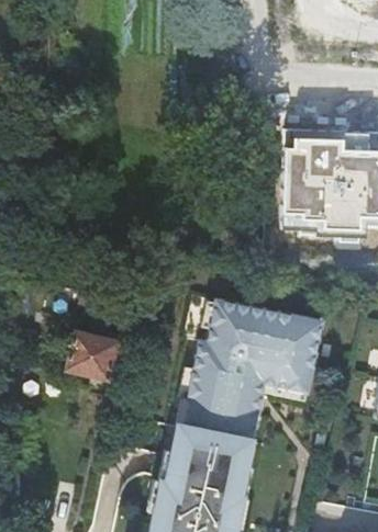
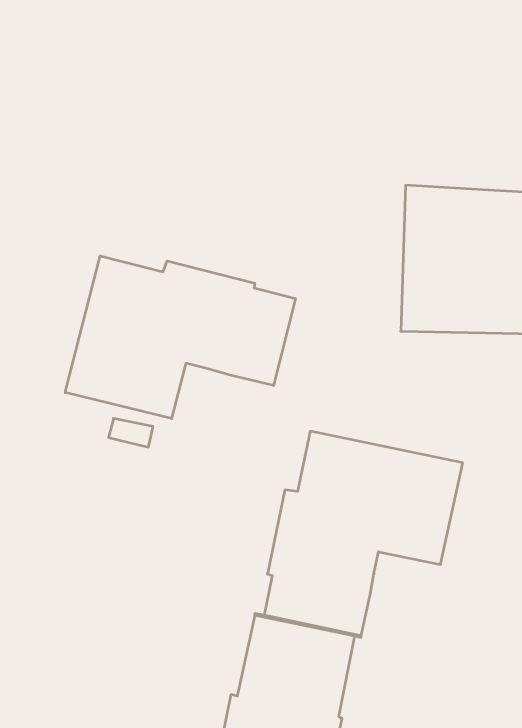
building: none -> [65,256,295,419]
building: [66,329,119,378] -> none

